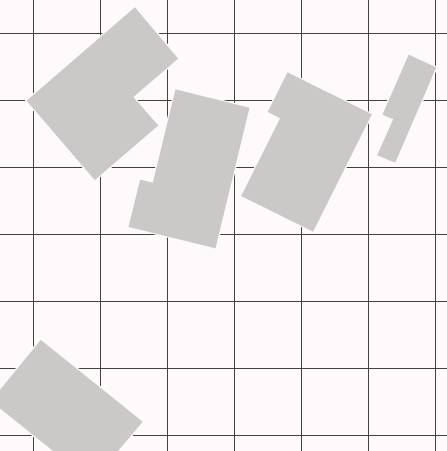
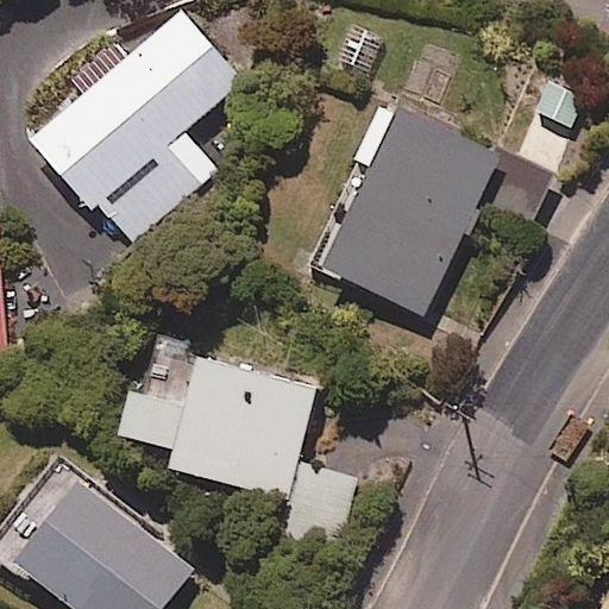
building: [128,88,250,249] -> none
building: none -> [117,356,352,511]

